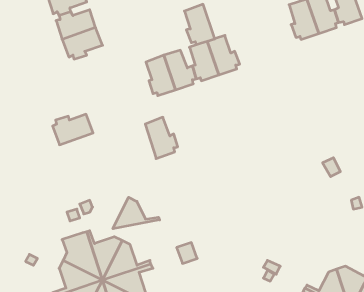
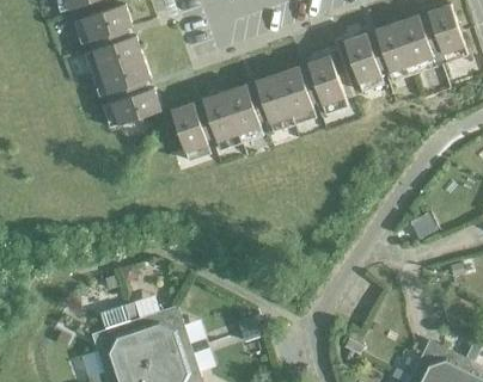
building: [184,4,215,45] -> [307,55,344,104]
building: none -> [343,33,384,84]
building: [53,114,93,145] -> [111,88,160,125]
building: [145,117,178,159] -> [171,101,210,152]
building: [113,197,160,229] -> none

